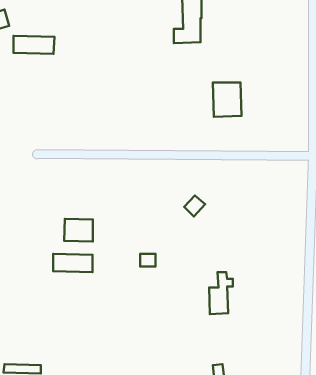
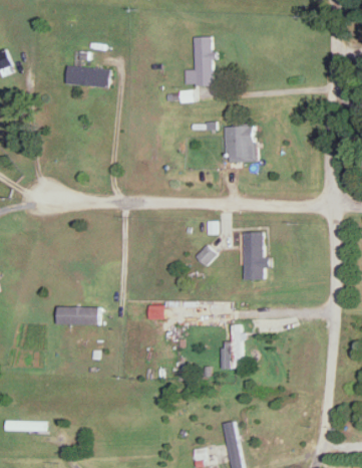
building: [13,36,54,54] -> [66,67,109,86]
building: none -> [244,232,270,280]
building: [64,219,93,241] -> none

